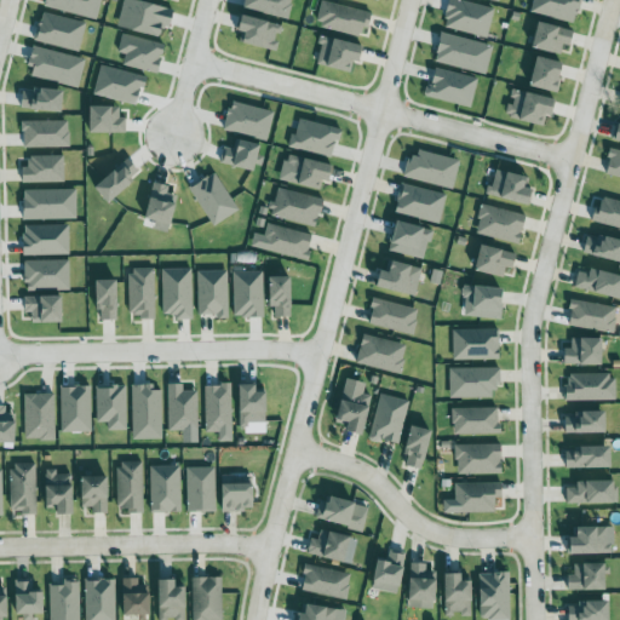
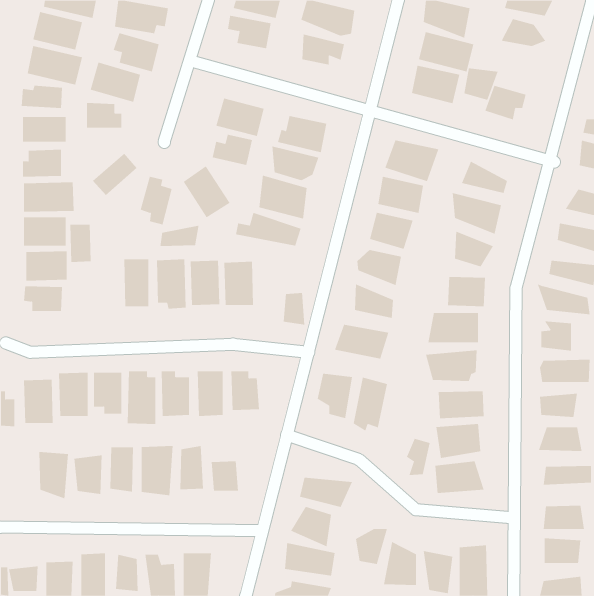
building: [527,56,563,90] -> [463,68,498,101]
building: none -> [160,225,199,247]
building: [266,272,289,306] -> [283,293,305,325]
building: [98,281,121,321] -> [69,224,92,263]
building: [400,426,425,465] -> [406,438,431,476]
building: [10,464,35,516] -> none

